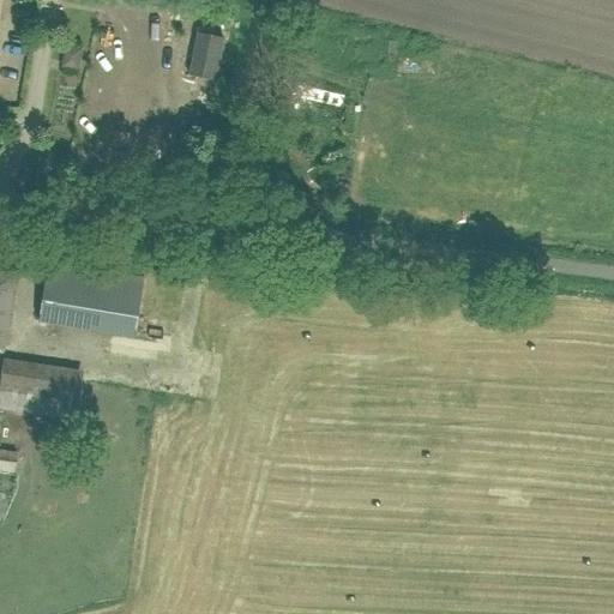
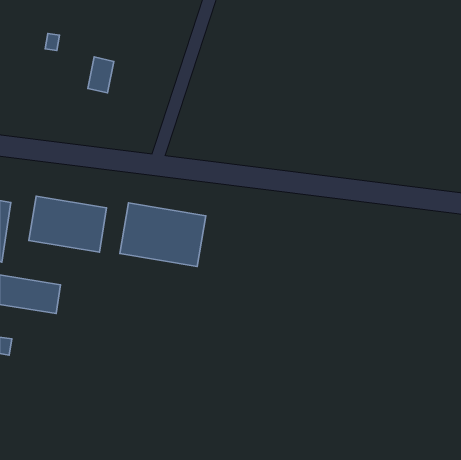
building: [187,31,222,79] -> [88,57,114,93]
building: none -> [120,203,206,266]

